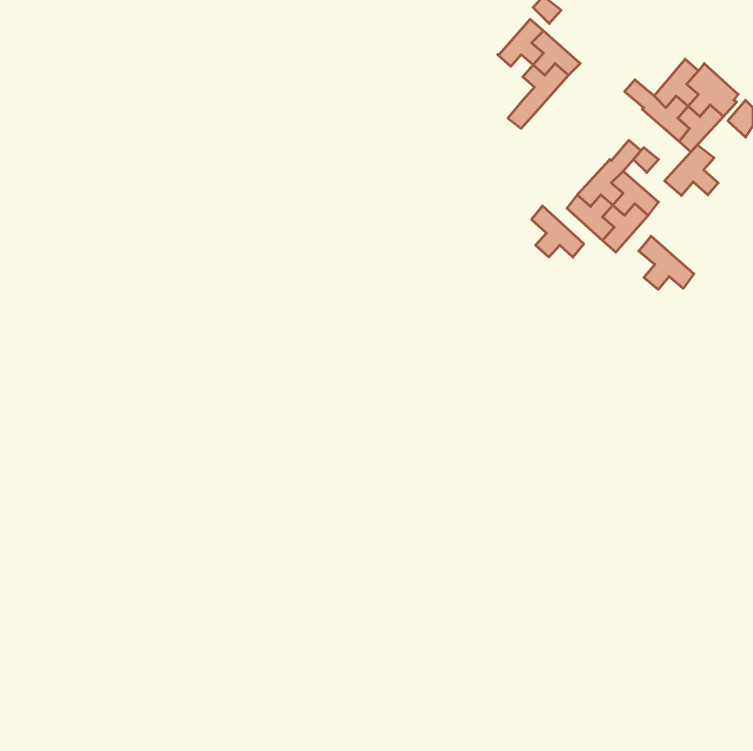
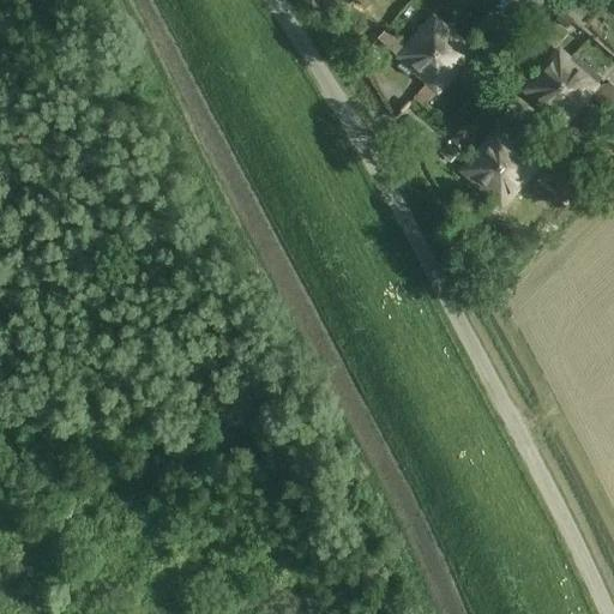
building: none -> [378,26,434,82]
building: [665,145,718,196] -> none
building: [532,206,584,257] -> none
building: [639,236,694,289] -> none

